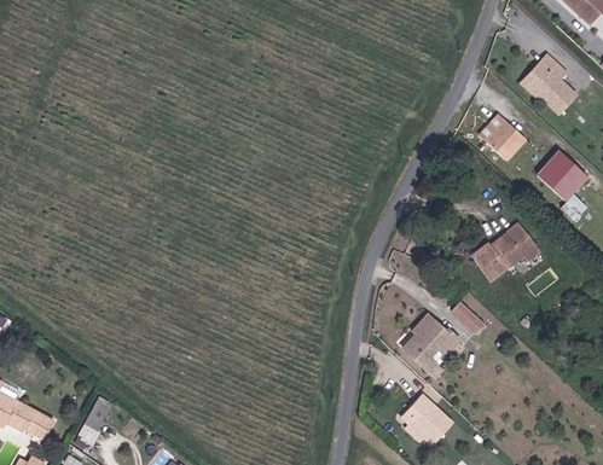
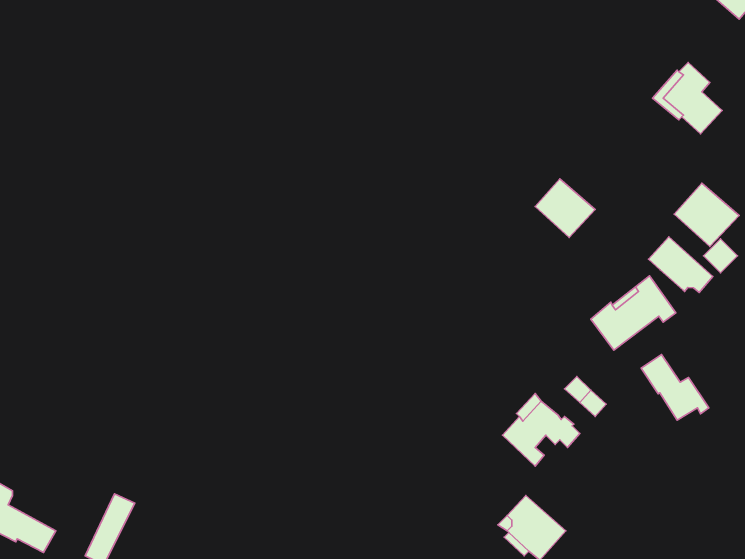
building: [480,114,527,159] -> [535,179,595,237]
building: none -> [649,237,713,292]
building: none -> [641,354,709,420]

